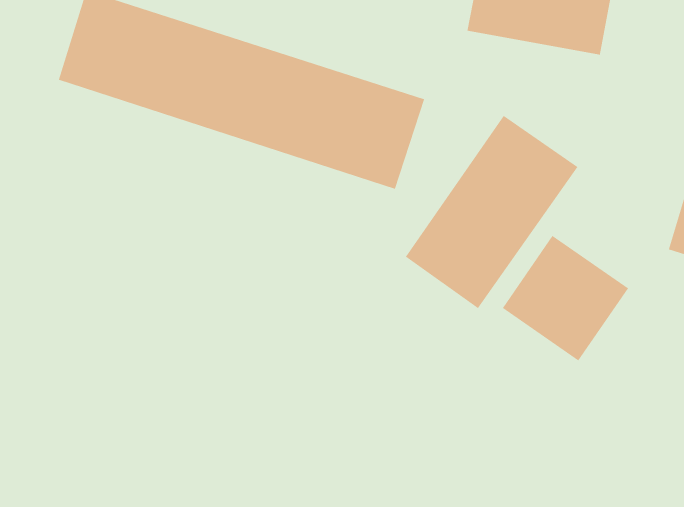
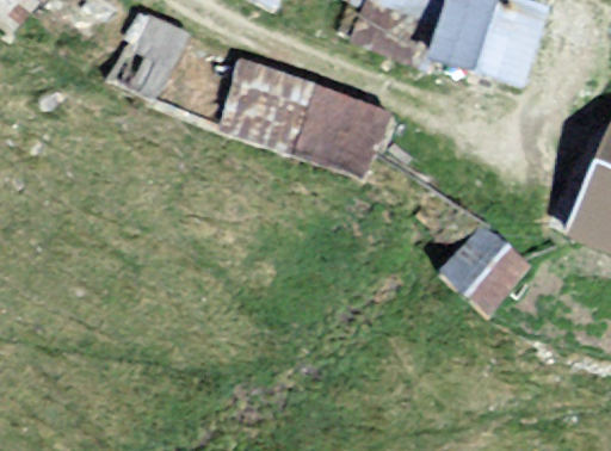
building: [405,115,579,309] -> none

